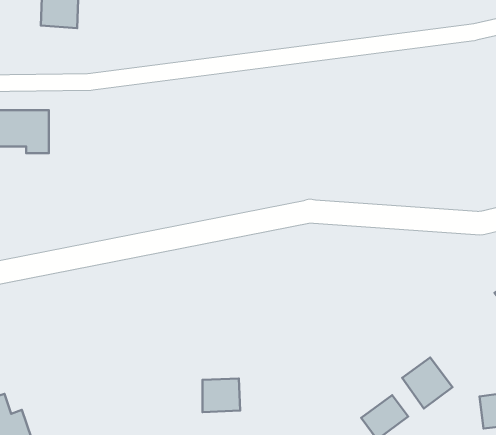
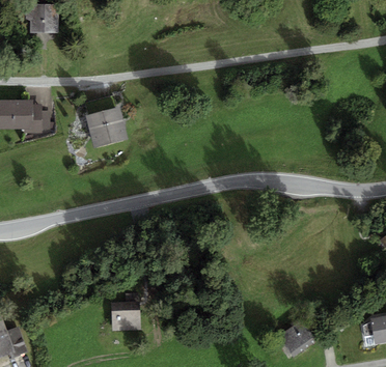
building: none -> [84,107,129,147]
building: [402,357,453,409] -> none
building: [203,378,240,412] -> [113,303,142,329]

